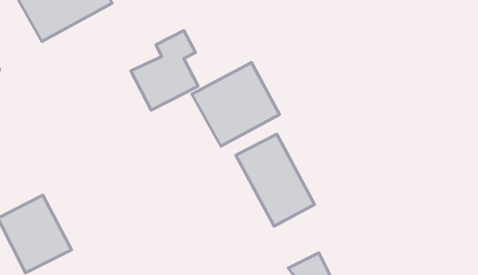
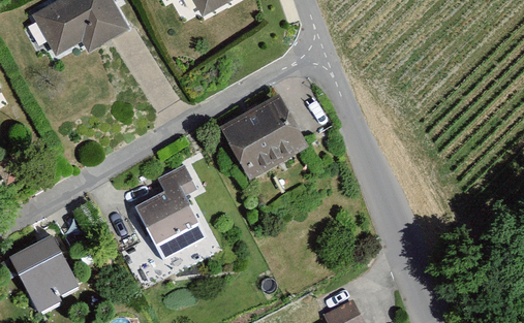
building: [131,31,198,110] -> [130,164,203,250]
building: [236,134,314,226] -> none

